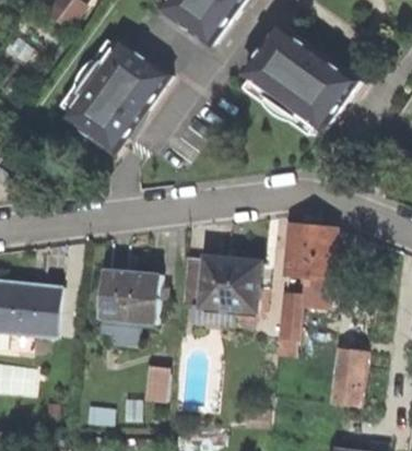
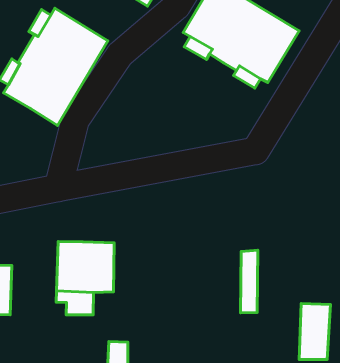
building: [287,223,334,306] -> none
building: [180,253,262,319] -> none

